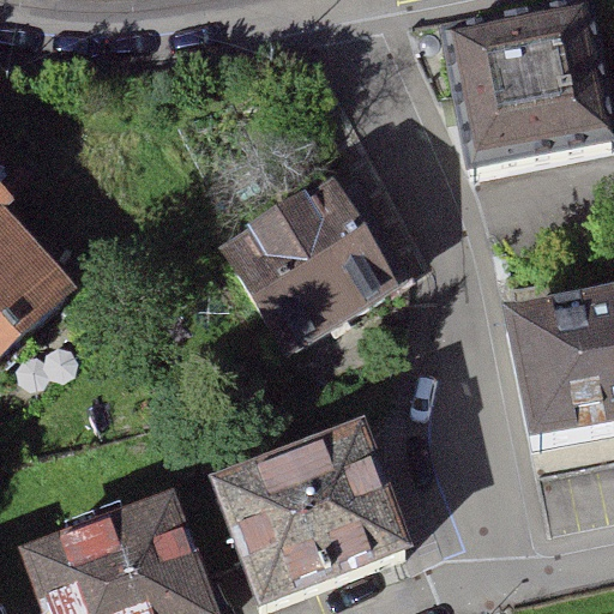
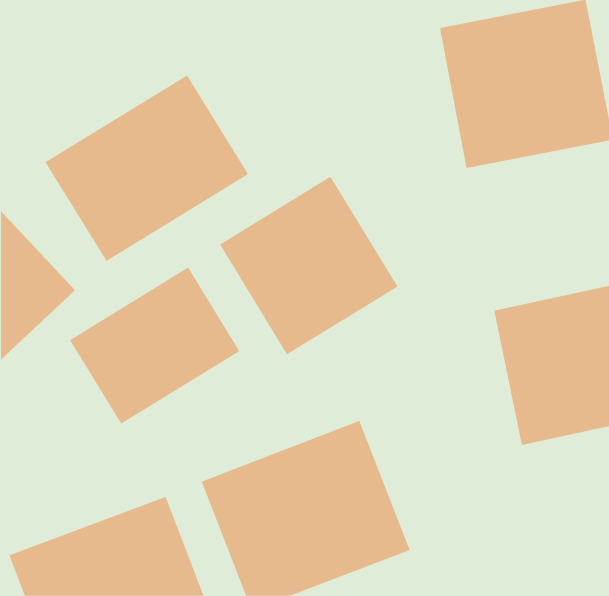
building: none -> [45,75,249,262]
building: none -> [69,267,240,425]

